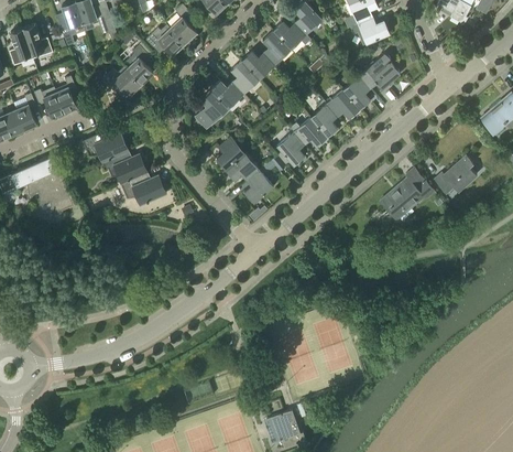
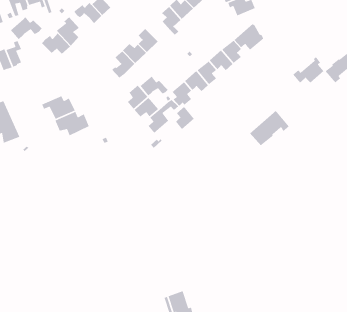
building: none -> [10,16,43,40]
building: [241,51,274,78] -> none
building: none -> [140,75,168,96]
building: [83,130,130,162] -> none
building: [434,154,477,191] -> [292,56,325,84]
building: none -> [175,106,195,130]

